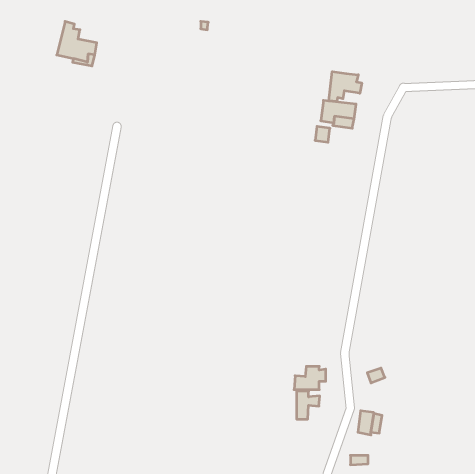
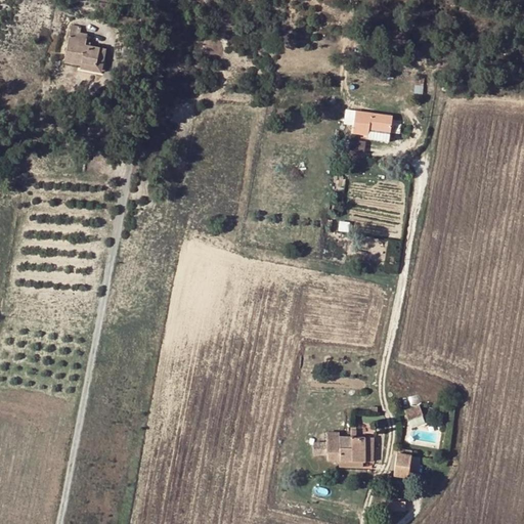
building: [329,72,362,102] -> none
building: [294,366,326,390] -> [339,436,374,462]

